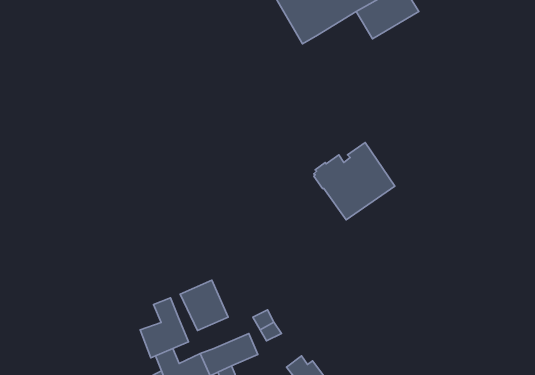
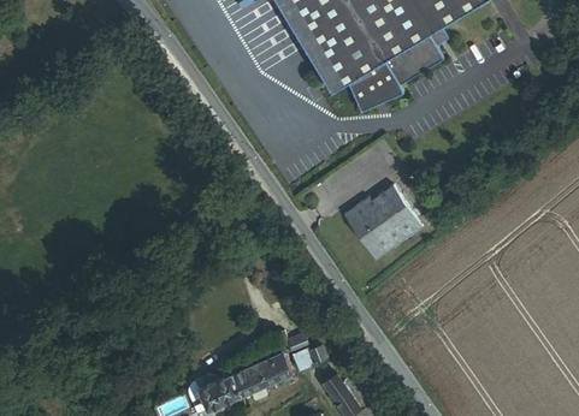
building: none -> [344,48,400,101]
building: [180,280,228,330] -> none
building: [140,298,189,358] -> none

